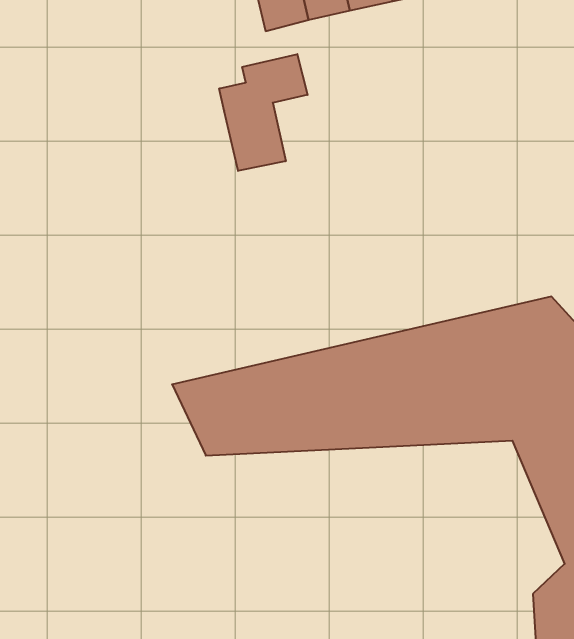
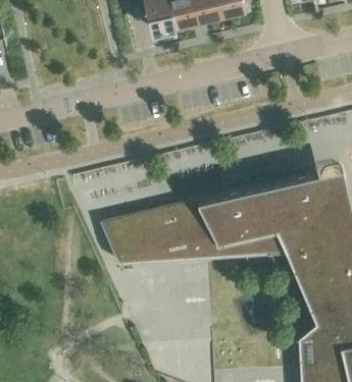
building: [219,54,308,171] -> none

